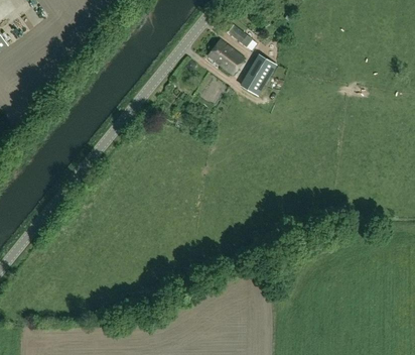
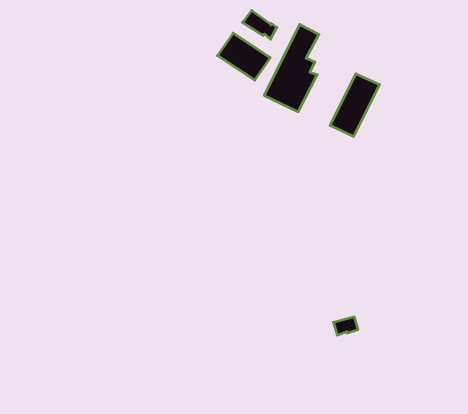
building: none -> [330,74,380,136]

